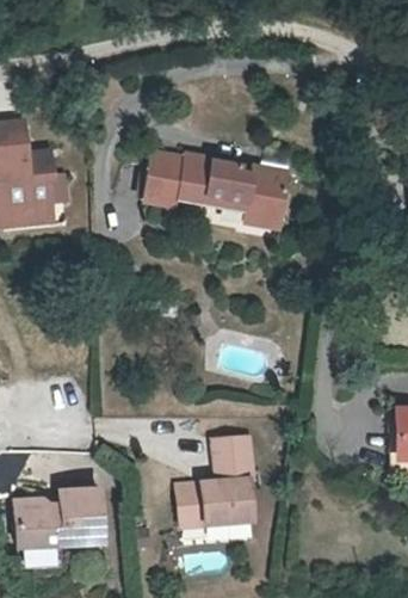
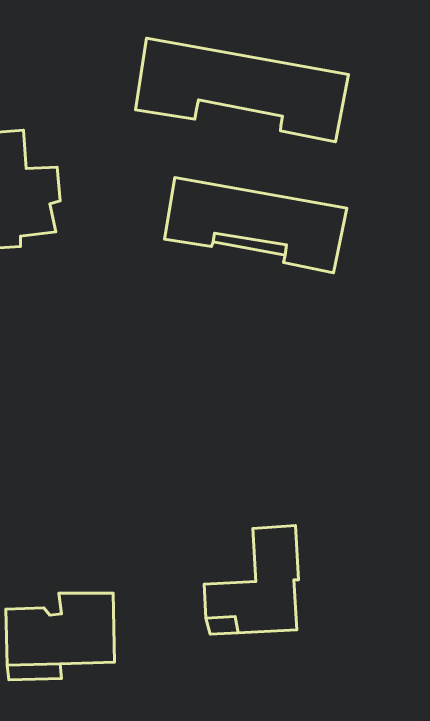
building: none -> [136,38,348,142]

